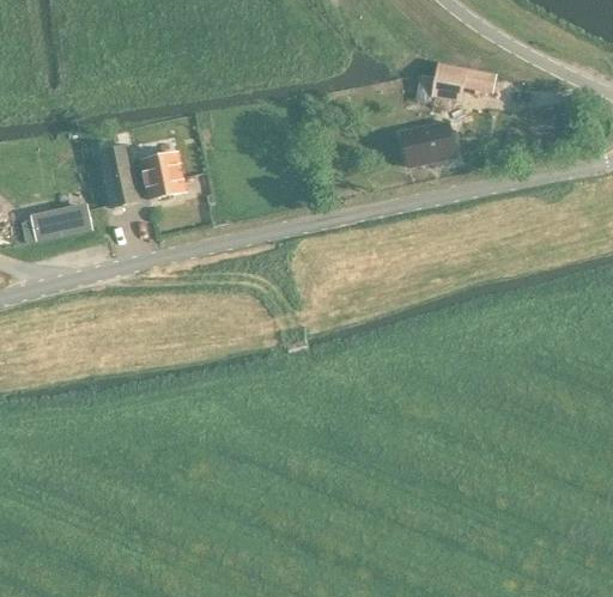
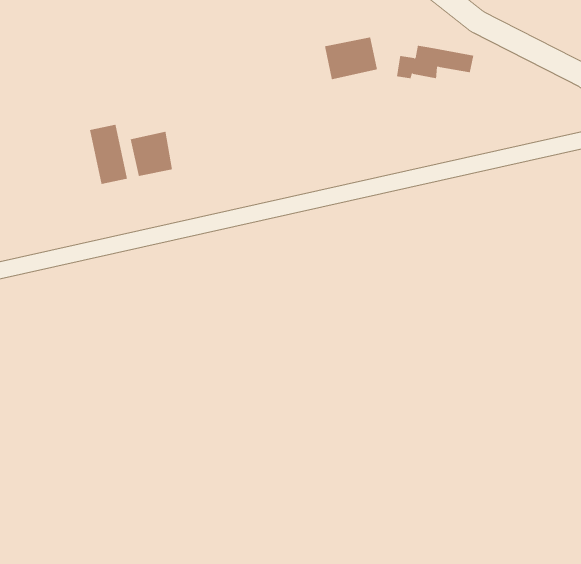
building: [399,121,454,165] -> [324,37,378,80]
building: [29,206,91,238] -> none

